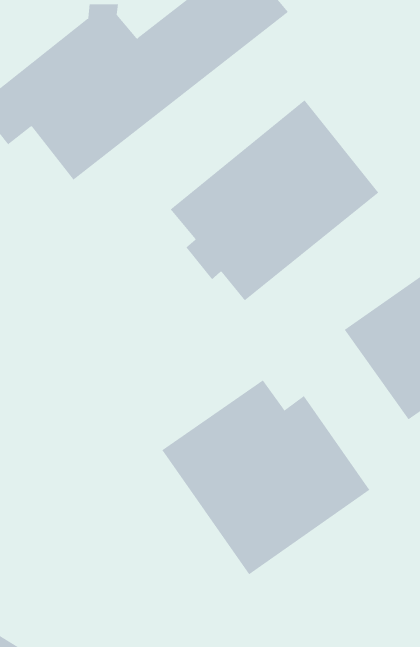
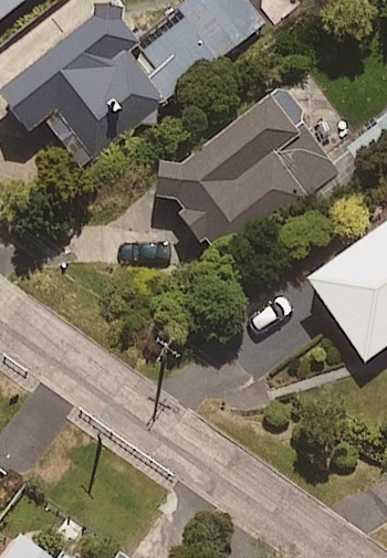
building: [161,379,370,575] -> none

